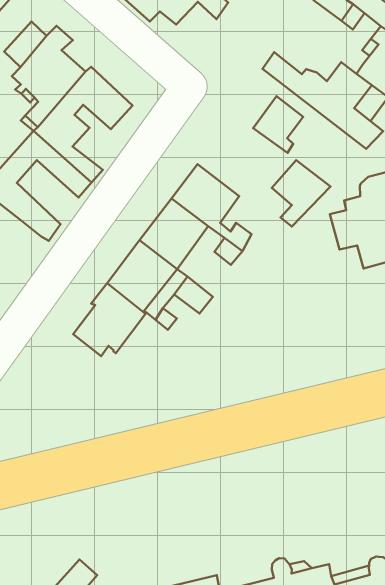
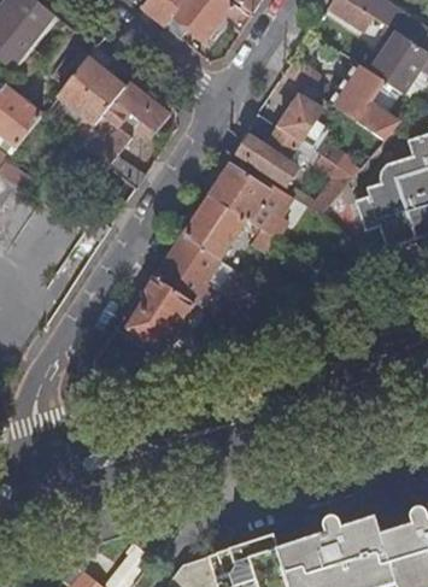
building: none -> [238,111,313,184]

